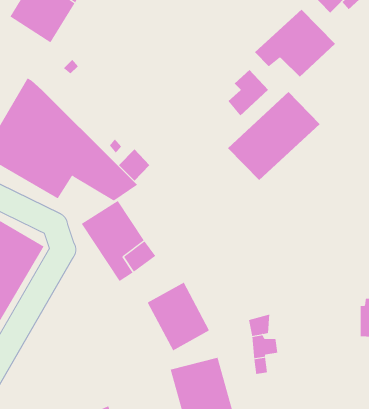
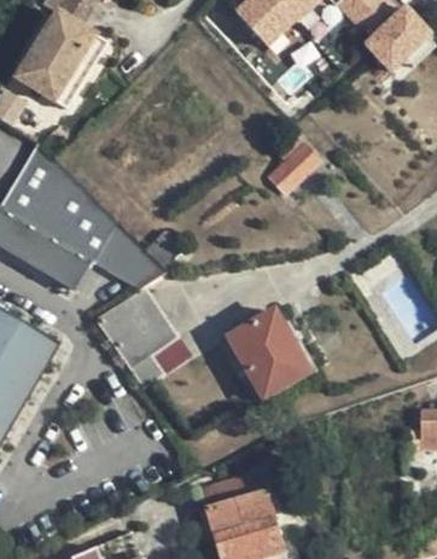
building: [254,9,336,77] -> none
building: [227,91,321,181] -> none
building: [147,282,210,351] -> [232,315,305,396]

